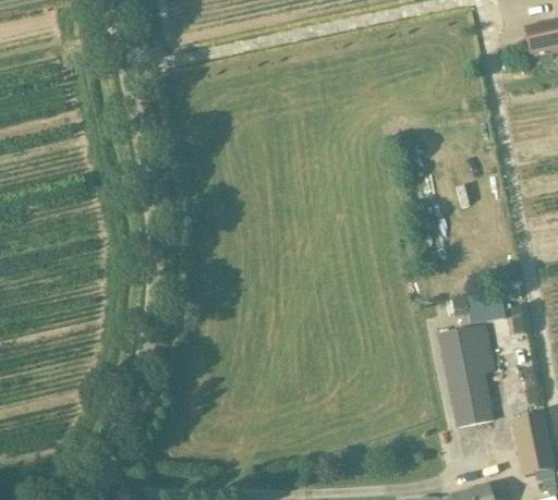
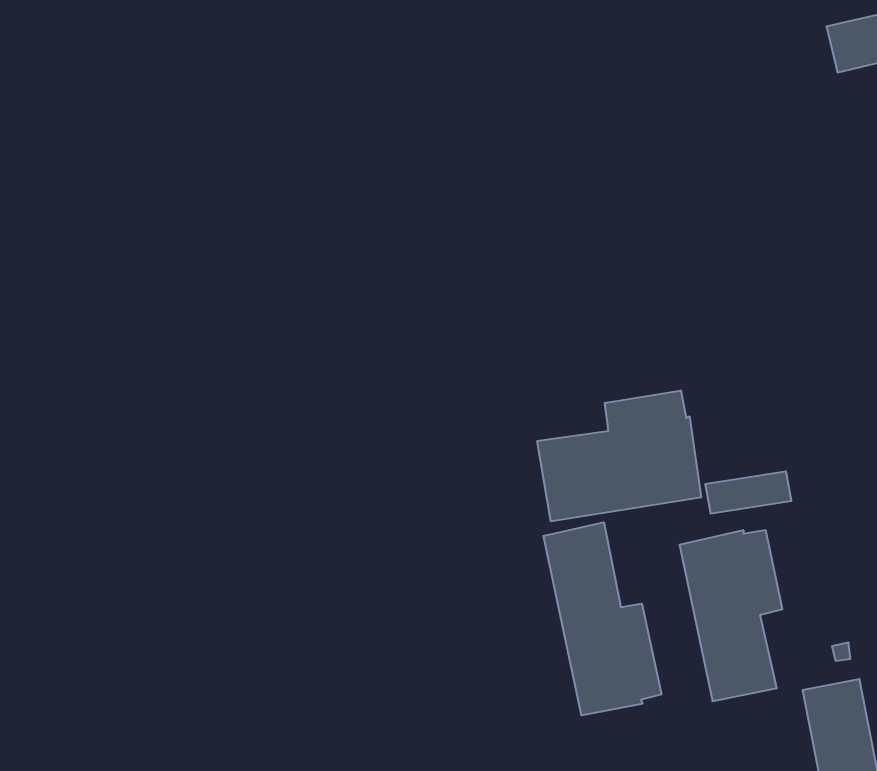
building: none -> [537,390,701,521]
building: none -> [543,522,661,715]

